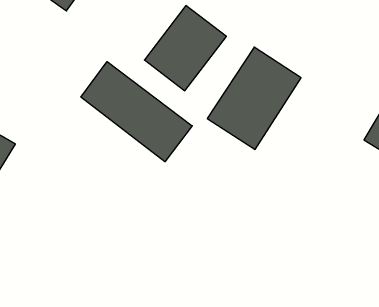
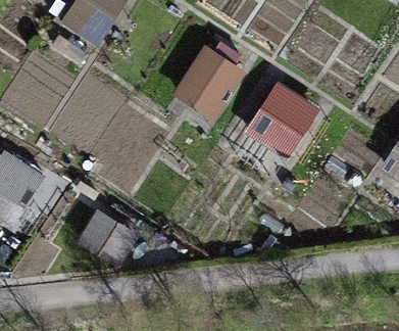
building: [81,62,192,162] -> none

